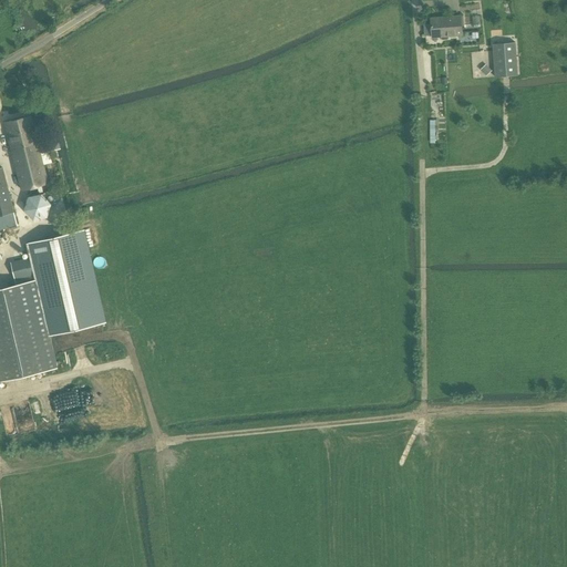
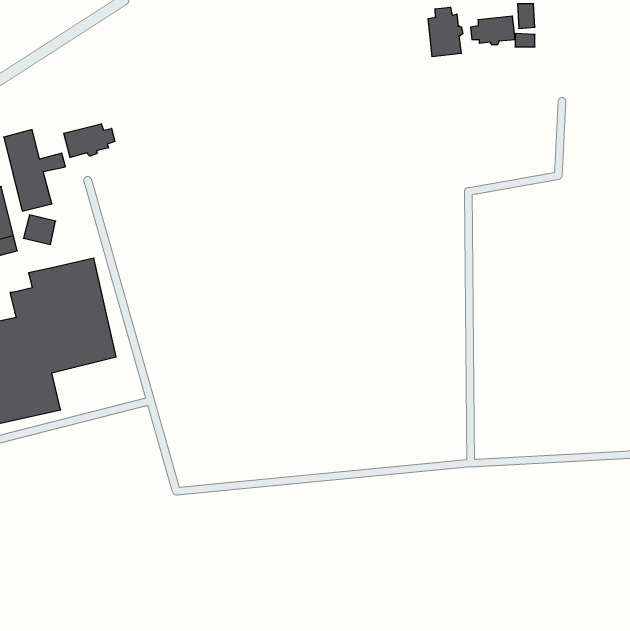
building: none -> [428,7,463,57]
building: [492,43,516,78] -> none
building: none -> [64,124,115,158]

